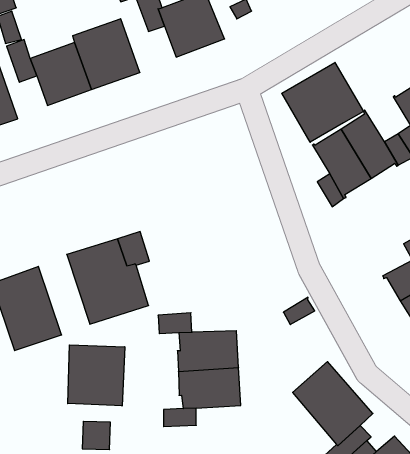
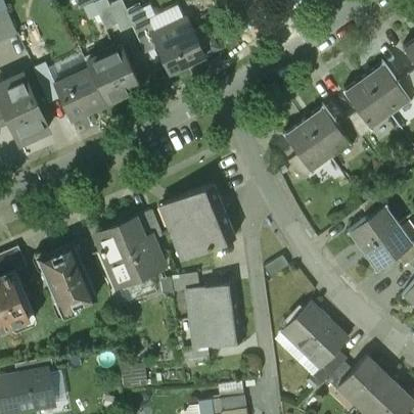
building: [282,62,363,142] -> none
building: none -> [164,183,236,258]
building: [68,345,125,406] -> none

